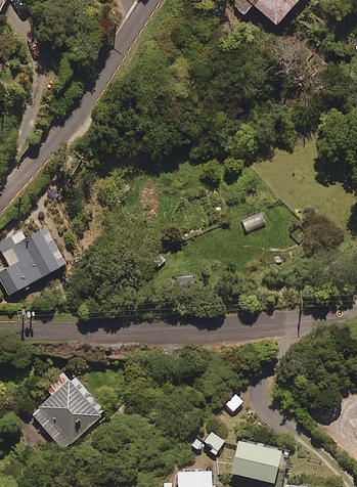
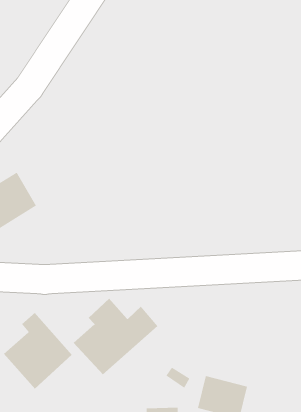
building: none -> [73,298,158,375]

